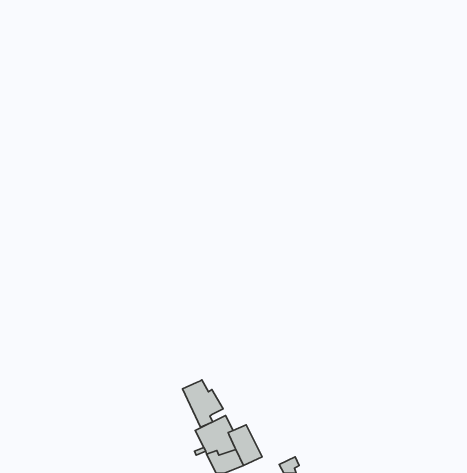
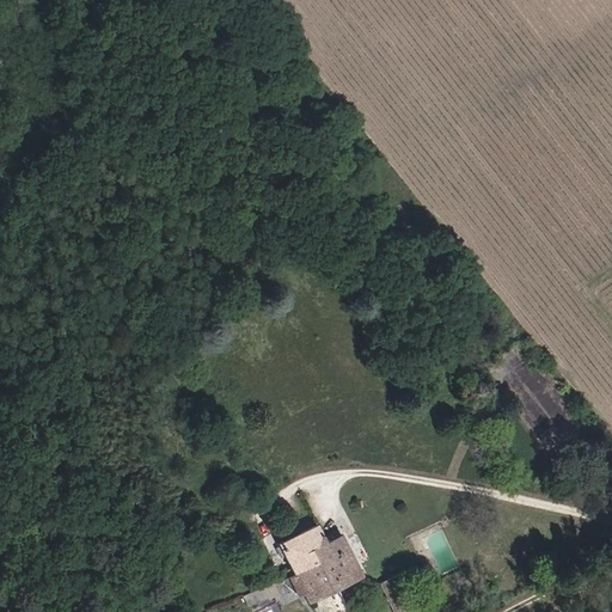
building: [183,380,223,427] -> none

